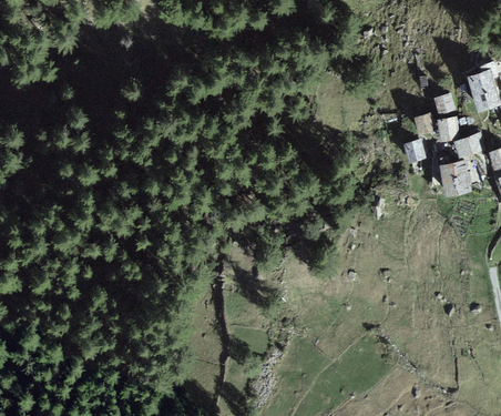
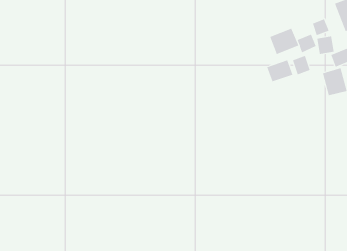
building: none -> [270,28,299,55]
building: none -> [267,60,293,82]

